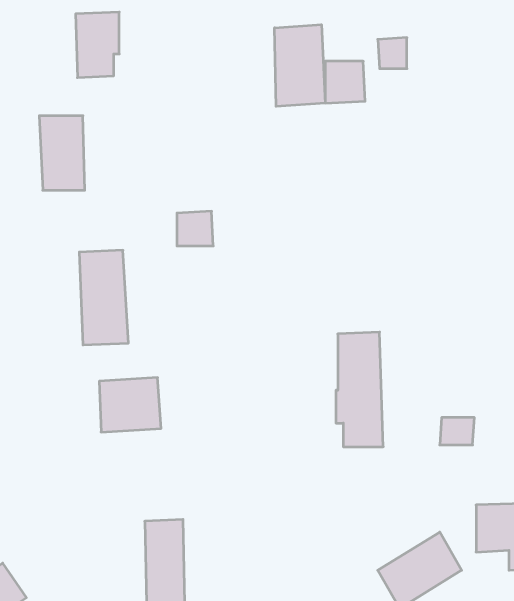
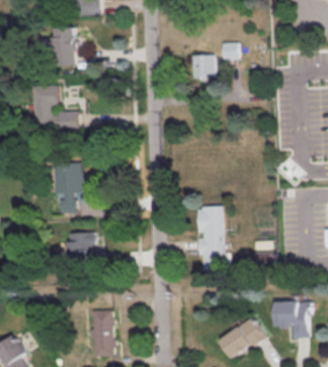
building: [275,25,325,106] -> none
building: [177,211,213,246] -> [59,110,79,129]

